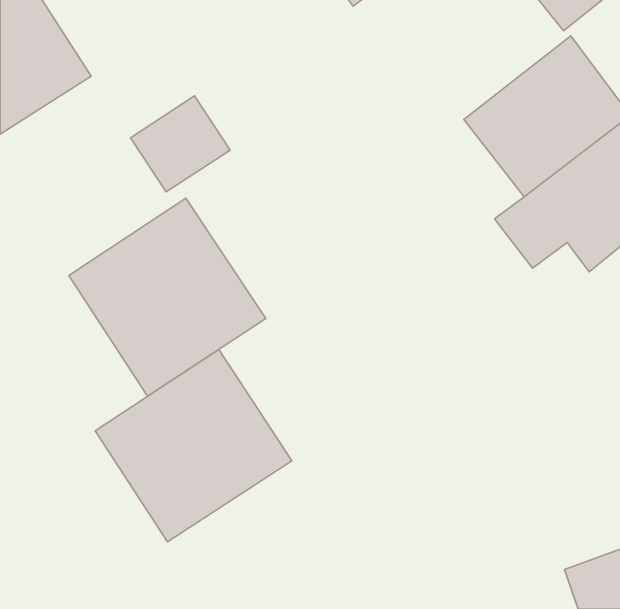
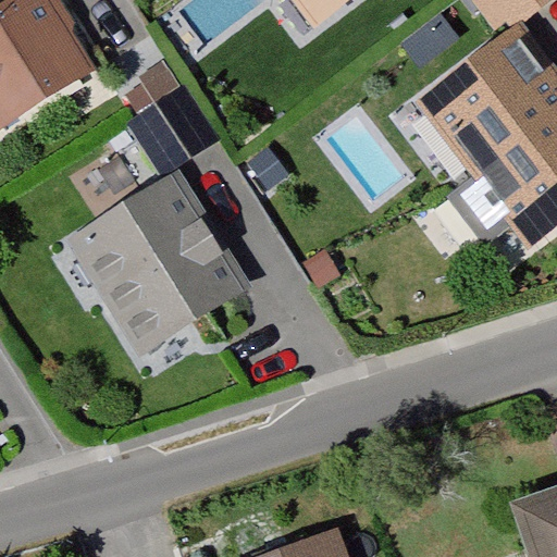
building: [95,349,292,542] -> none

